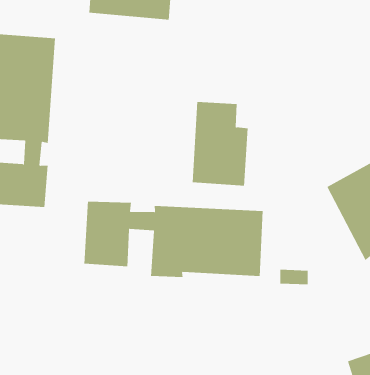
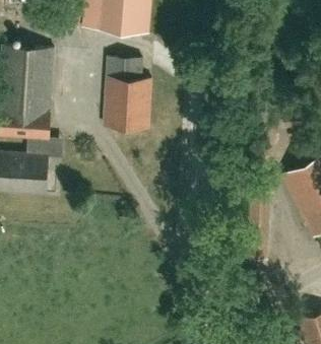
building: [192,101,248,186] -> [104,57,151,128]
building: [84,201,263,278] -> none

